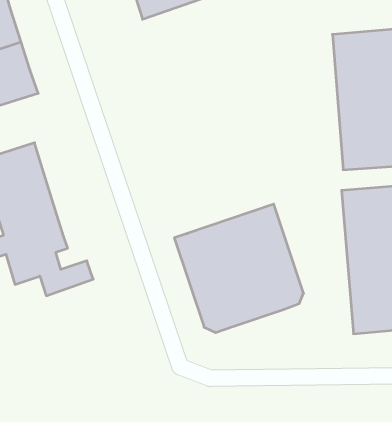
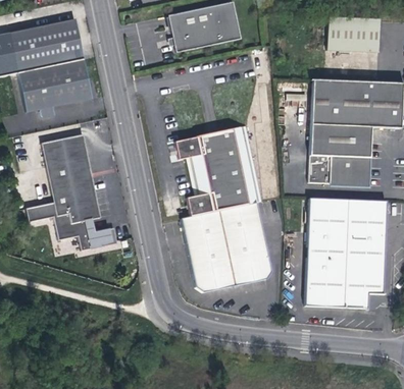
building: none -> [175,132,260,215]

